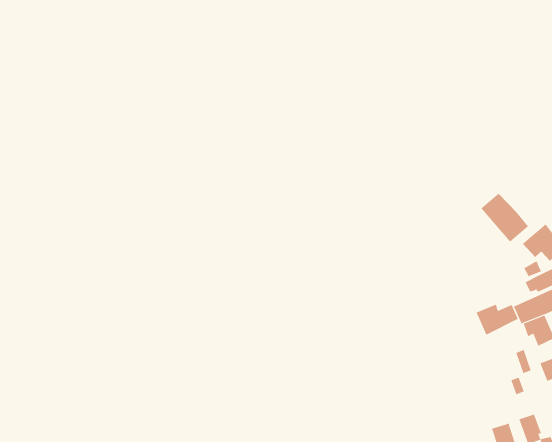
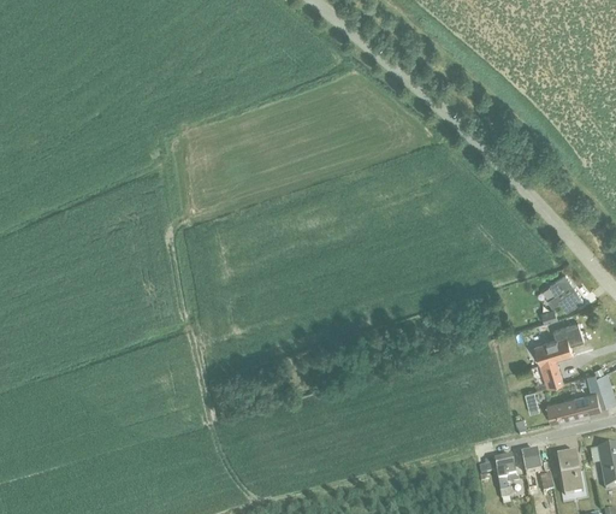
building: [480,192,529,242] -> none
building: [476,304,519,335] -> none

